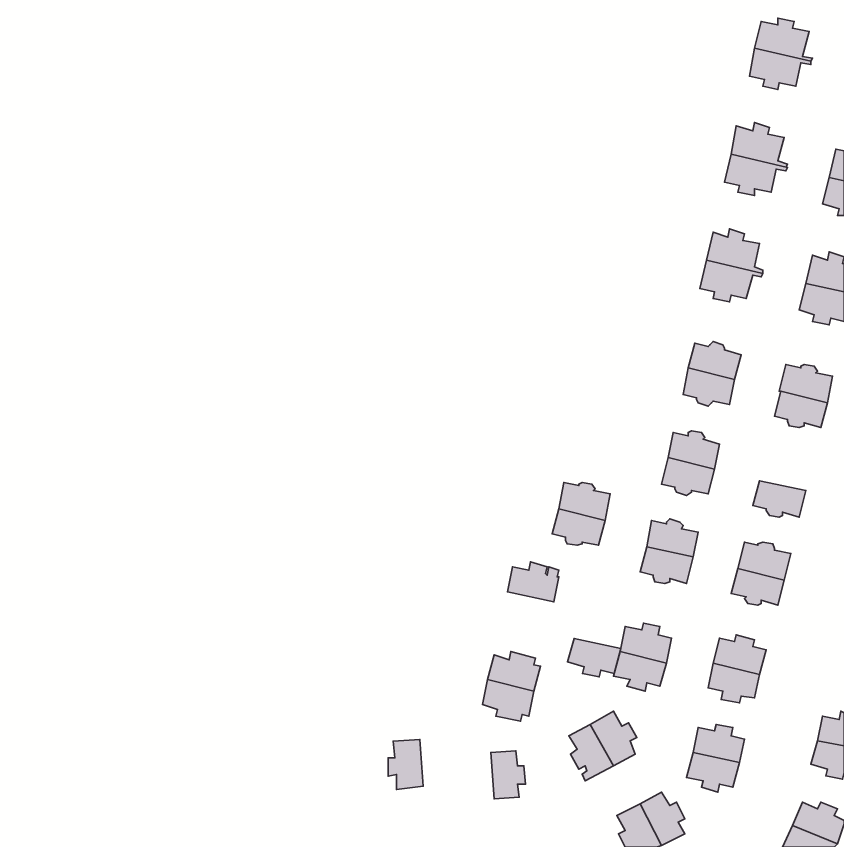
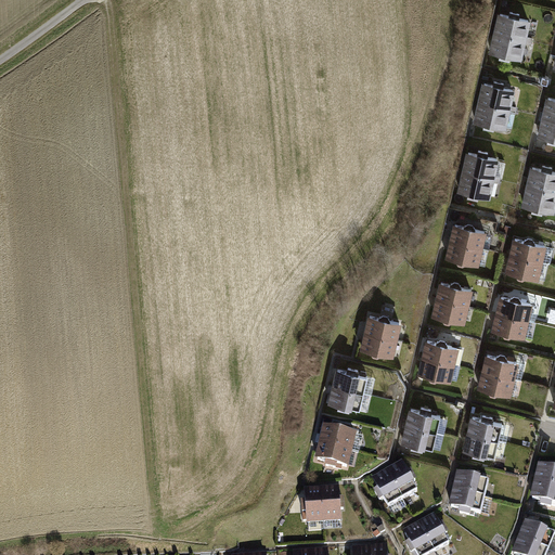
building: none -> [496,296,531,321]
building: [568,639,621,677] -> [327,387,362,412]
building: [388,740,423,789] -> [300,492,323,525]

